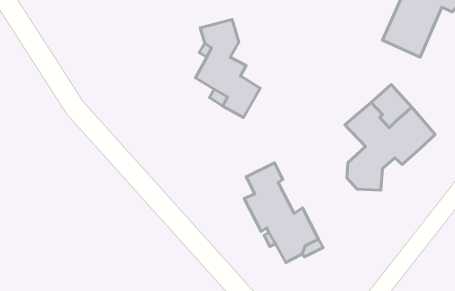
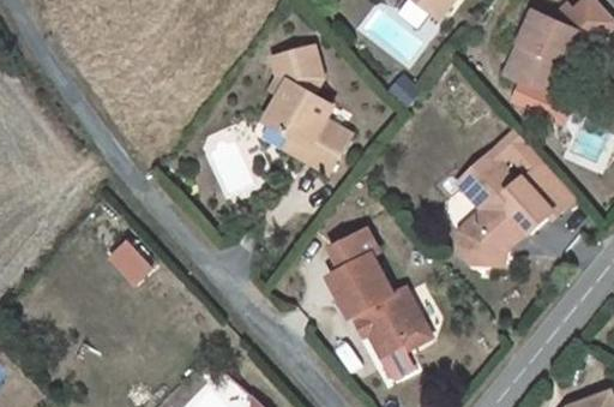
building: none -> [104,239,152,287]

